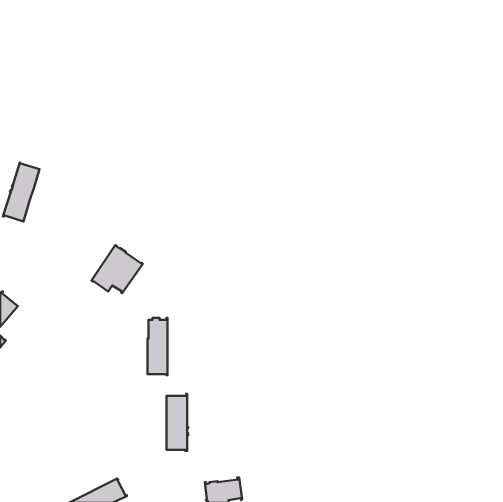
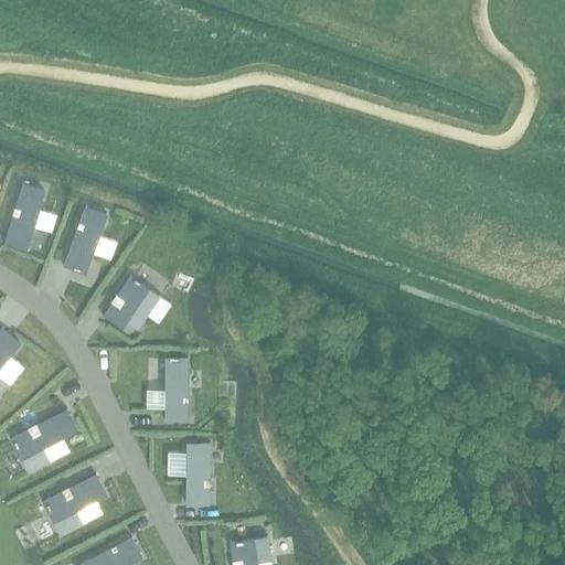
building: none -> [64,206,107,273]
building: none -> [10,409,76,472]
building: none -> [40,473,103,535]

